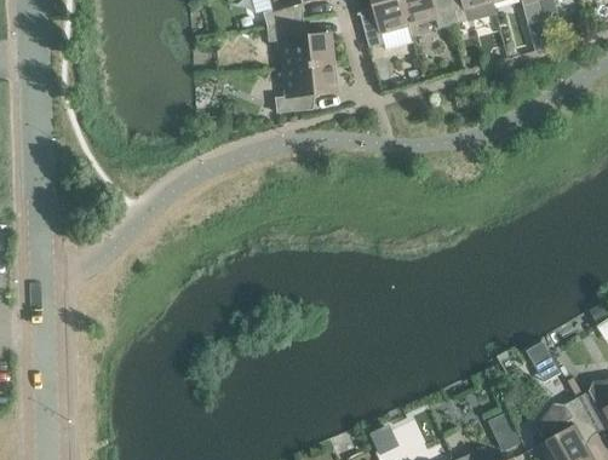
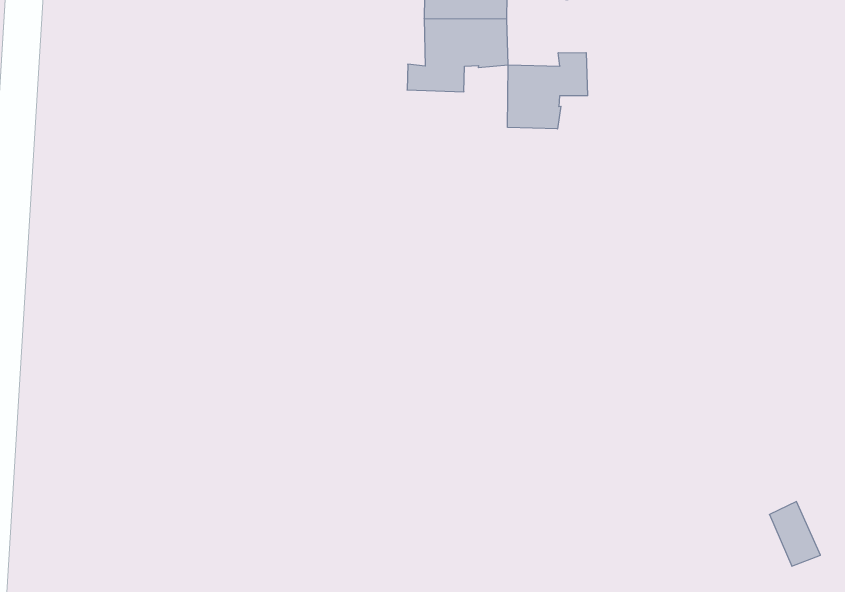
building: none -> [508,53,588,129]

